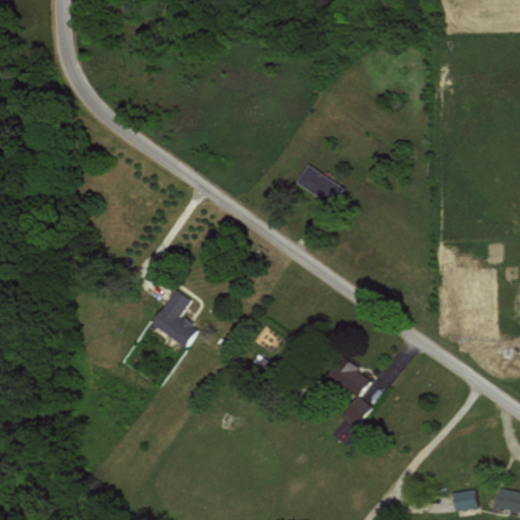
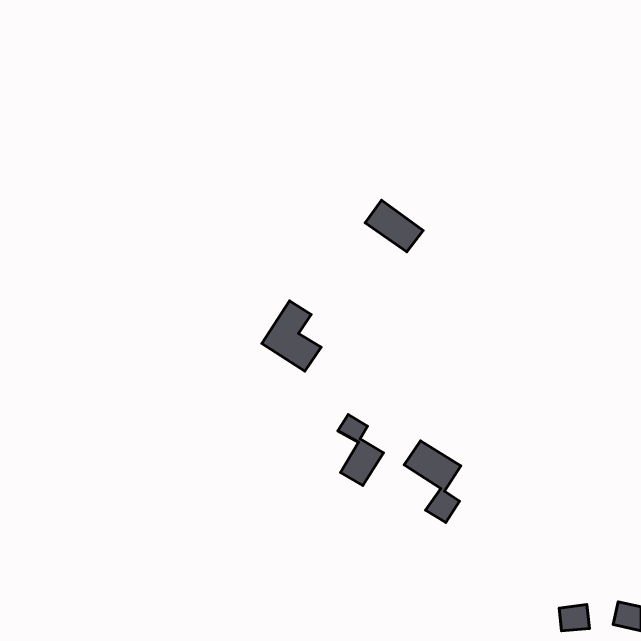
building: [151,289,199,346] -> [262,301,321,371]
building: none -> [338,414,383,486]

